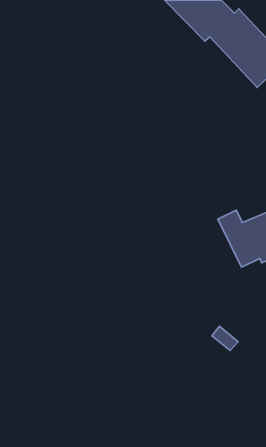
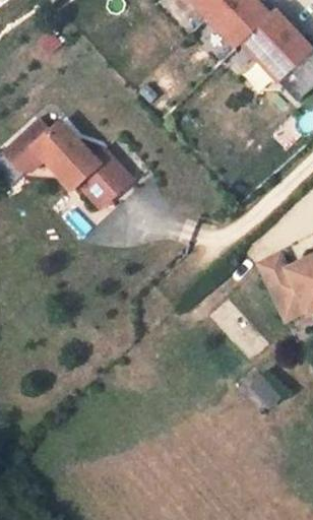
building: none -> [7,122,134,207]

